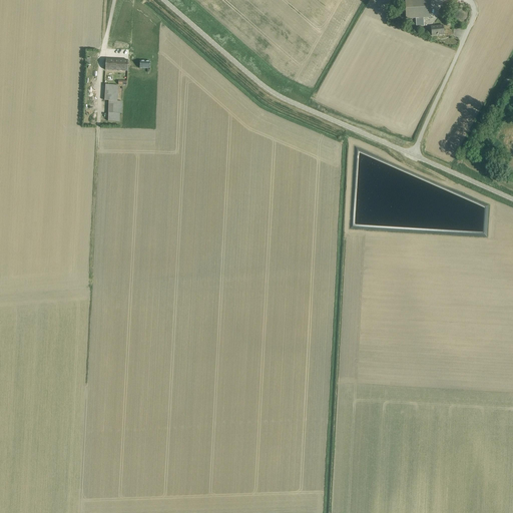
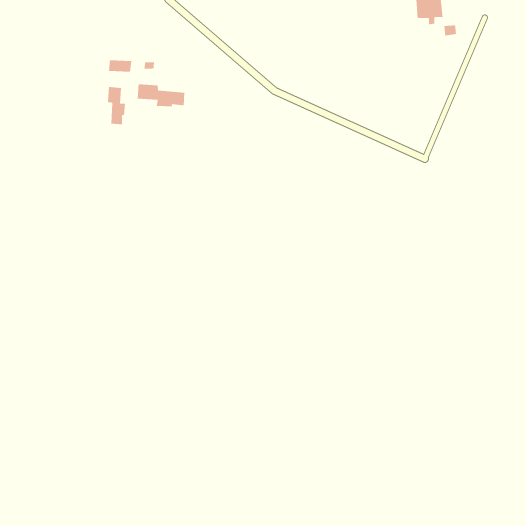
building: none -> [137,84,185,107]

